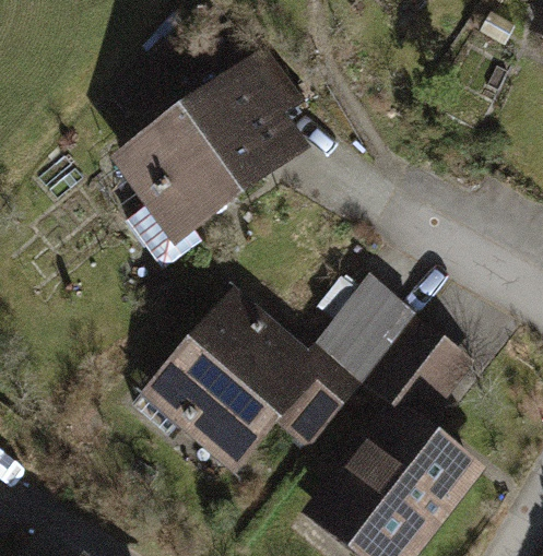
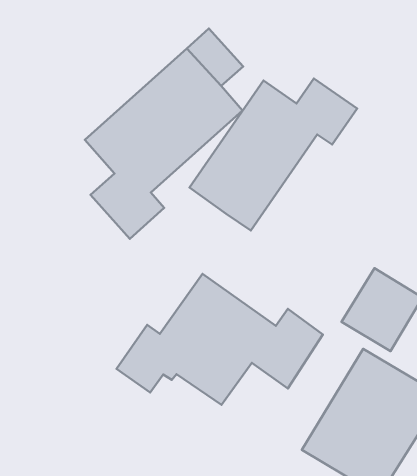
building: none -> [189,78,357,230]
building: [316,272,415,386] -> none

